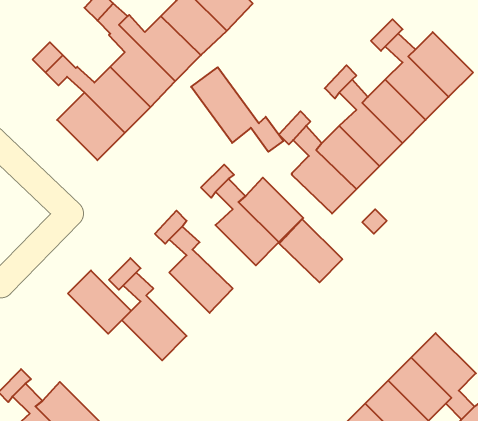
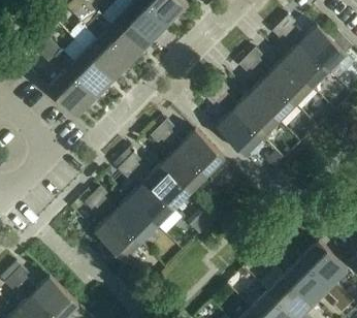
building: [191,67,283,152] -> none
building: [279,219,342,282] -> [143,165,189,211]
building: [68,270,131,334] -> [110,199,156,245]

